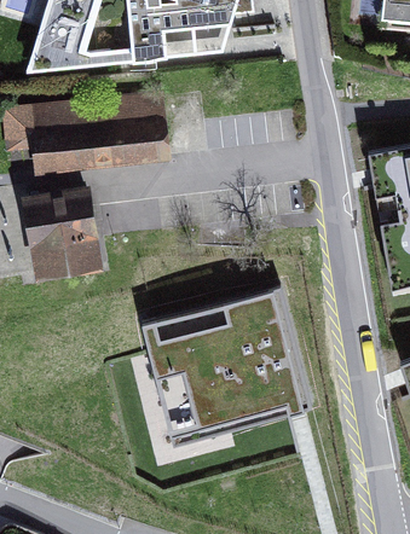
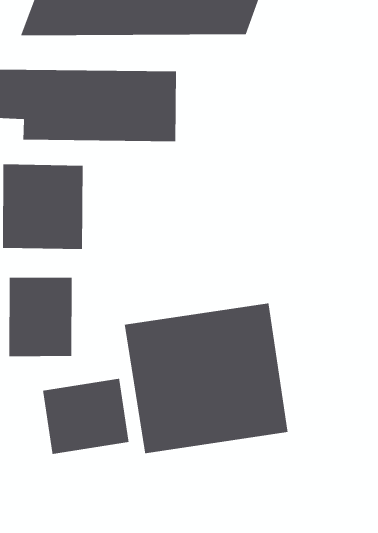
building: none -> [8,277,73,357]
building: none -> [42,378,129,455]

